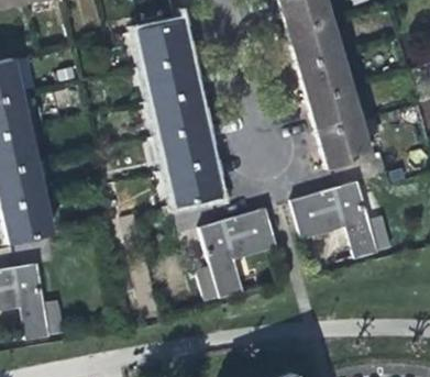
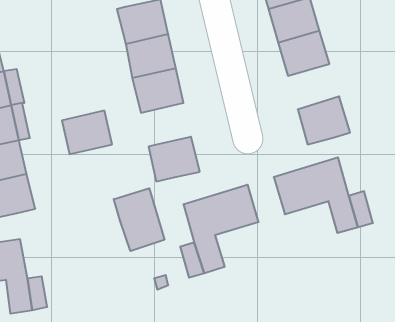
building: [309,87,361,133] -> none
building: [161,126,211,170] -> [62,111,112,154]
building: none -> [114,188,164,251]

